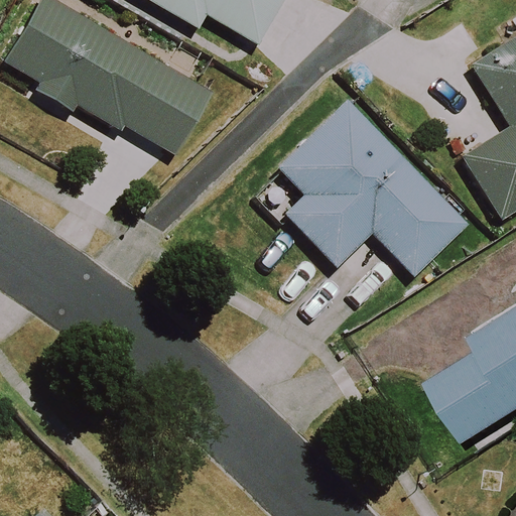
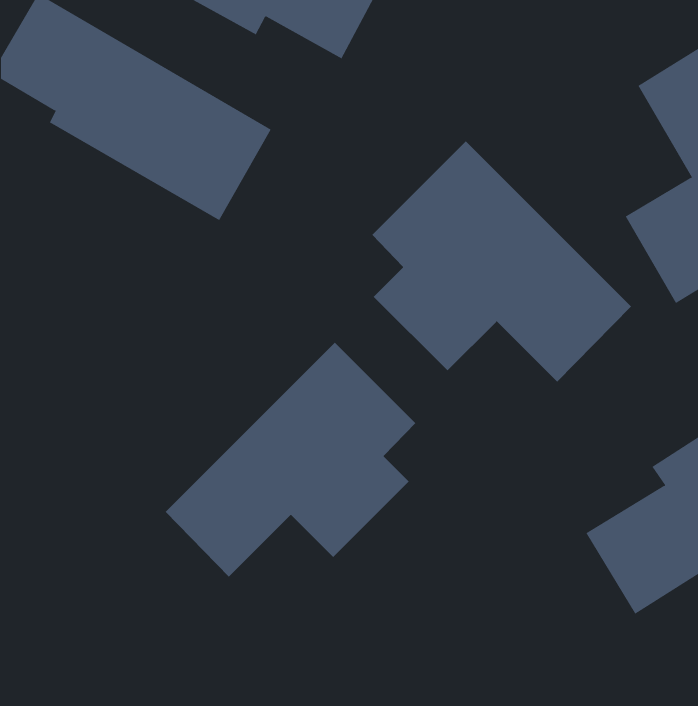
building: none -> [165,342,416,577]

